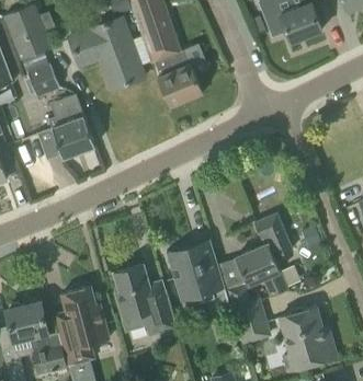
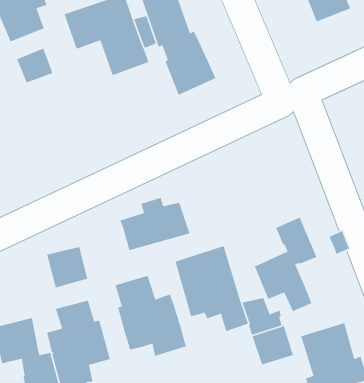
building: [48,93,94,158] -> none
building: none -> [119,197,190,251]
building: none -> [46,246,88,288]

